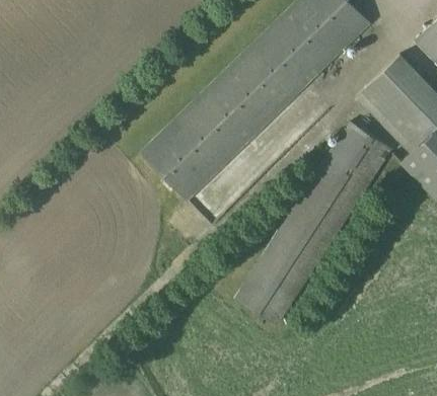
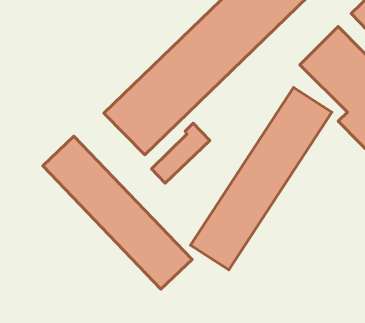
building: none -> [43,136,192,289]

